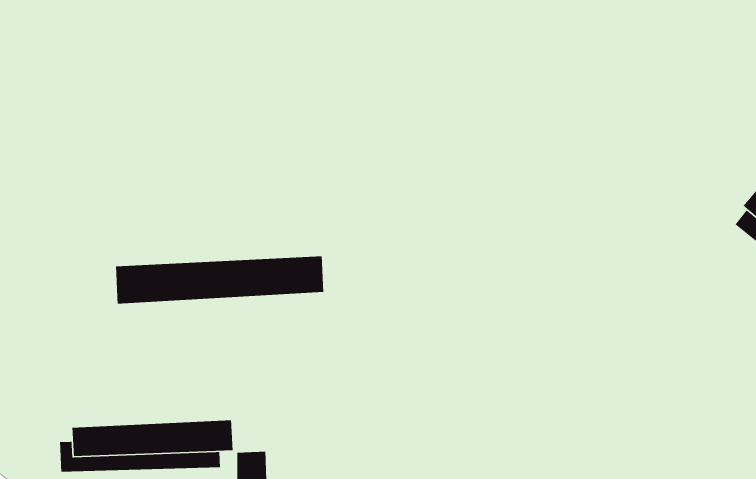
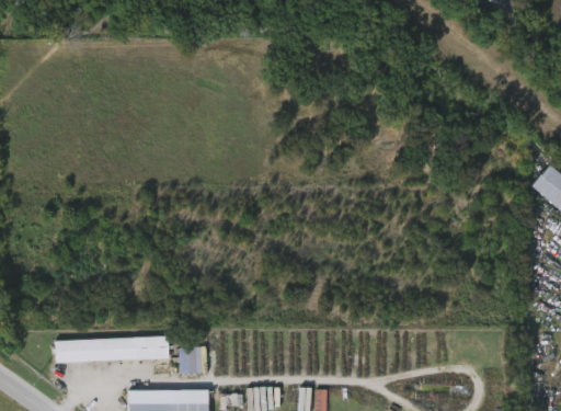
building: [115,256,324,304] -> none

